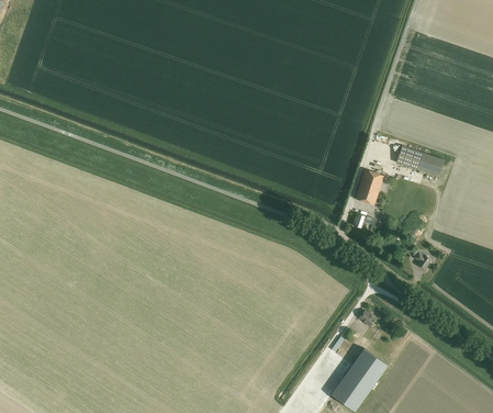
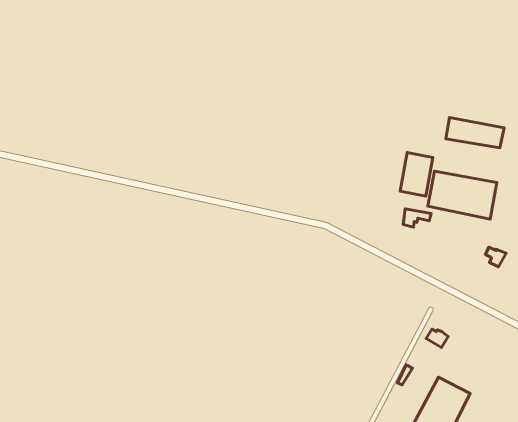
building: none -> [428,171,497,219]

